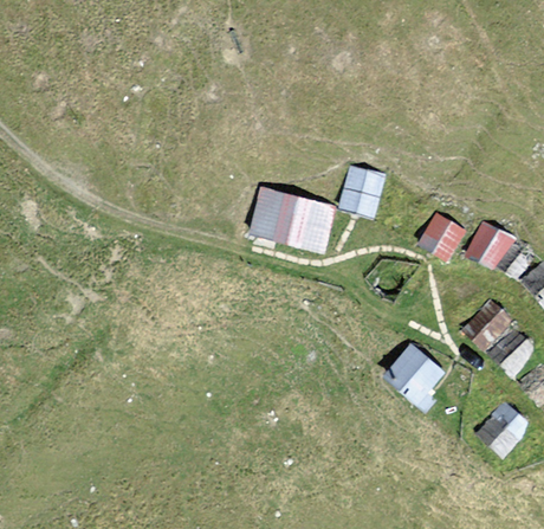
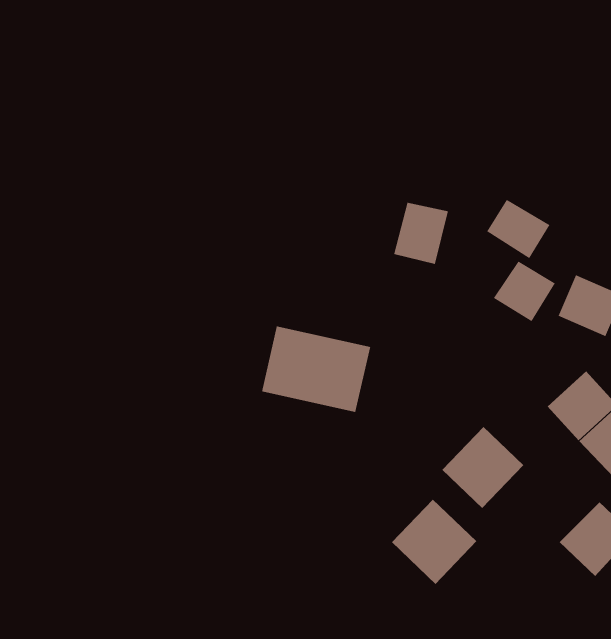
building: none -> [486,199,551,259]
building: [246,186,332,254] -> [261,326,371,413]
building: none -> [391,499,477,585]

